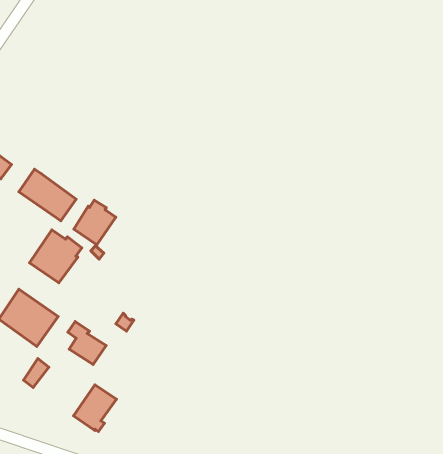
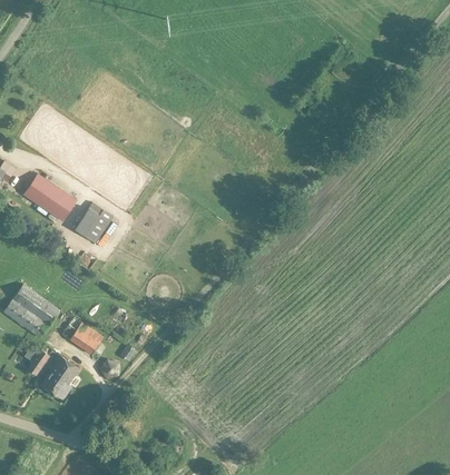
building: [30,230,82,283] -> none
building: [73,385,117,432] -> [39,356,79,399]

